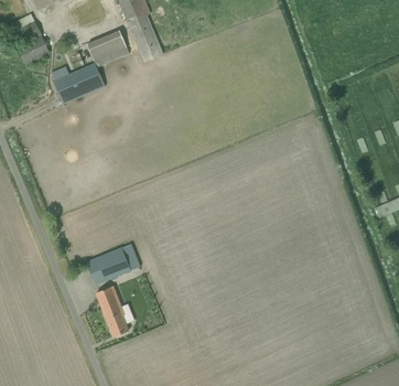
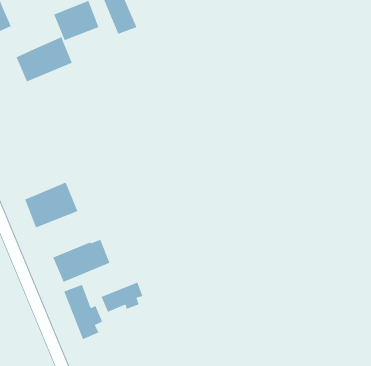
building: none -> [24,182,78,228]
building: none -> [100,281,144,313]

